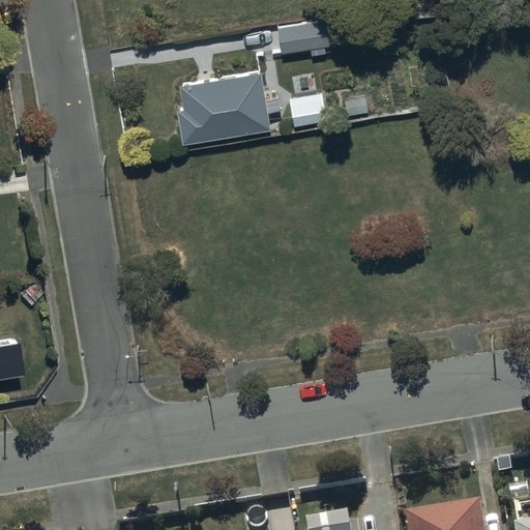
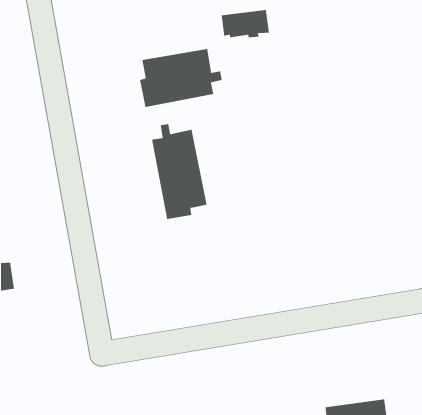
building: none -> [151,123,208,220]

